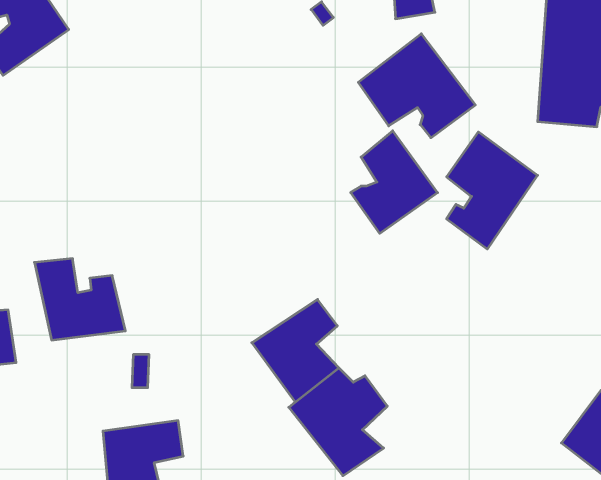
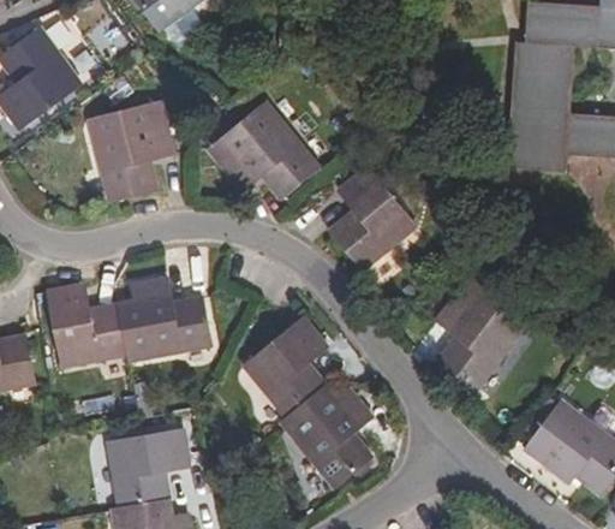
building: [358,34,475,138] -> [210,101,317,196]
building: none -> [94,103,172,196]
building: [447,132,538,249] -> [438,281,521,388]
building: none -> [118,285,211,359]

